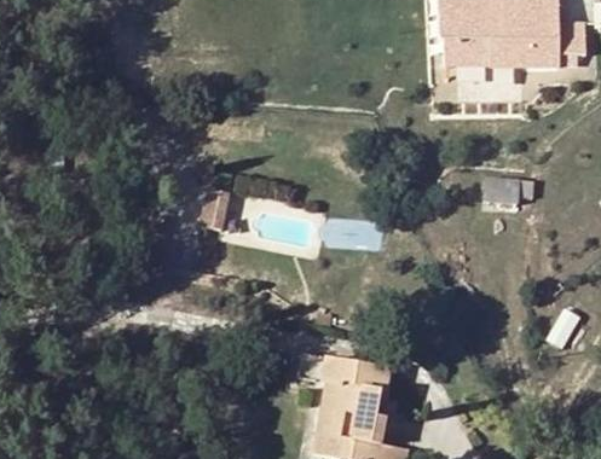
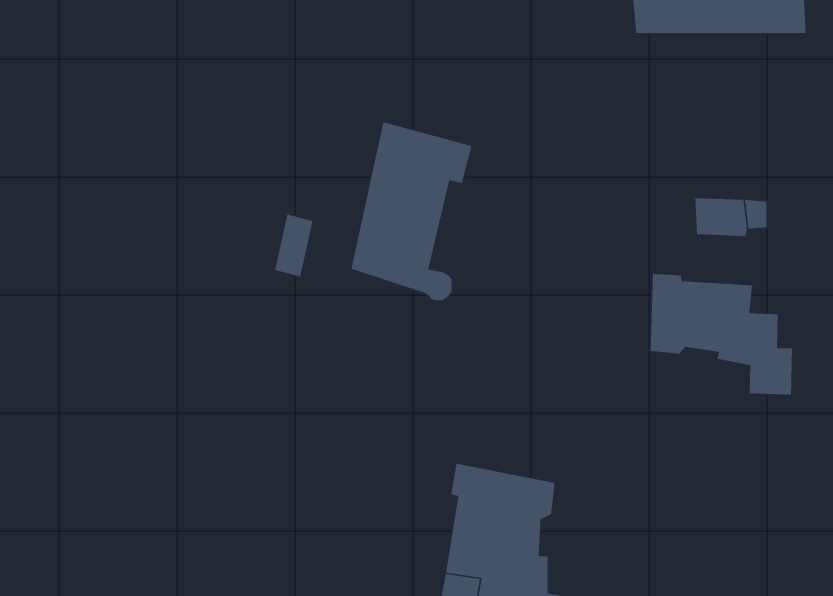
building: none -> [350,121,473,301]
building: none -> [650,273,793,395]

